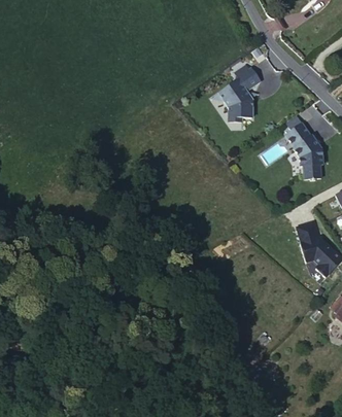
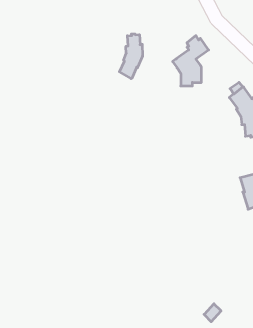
building: none -> [119,34,142,79]

